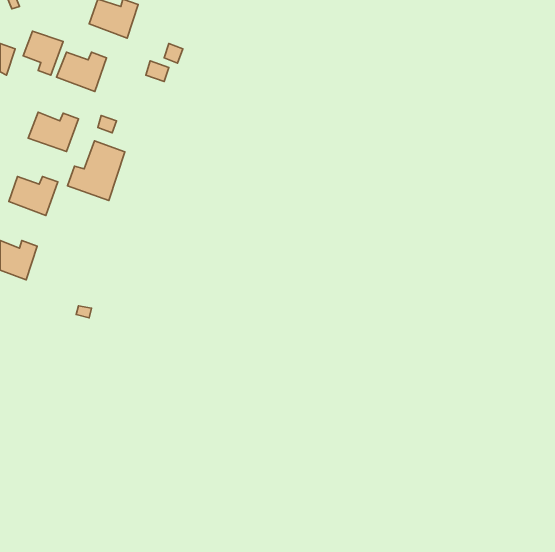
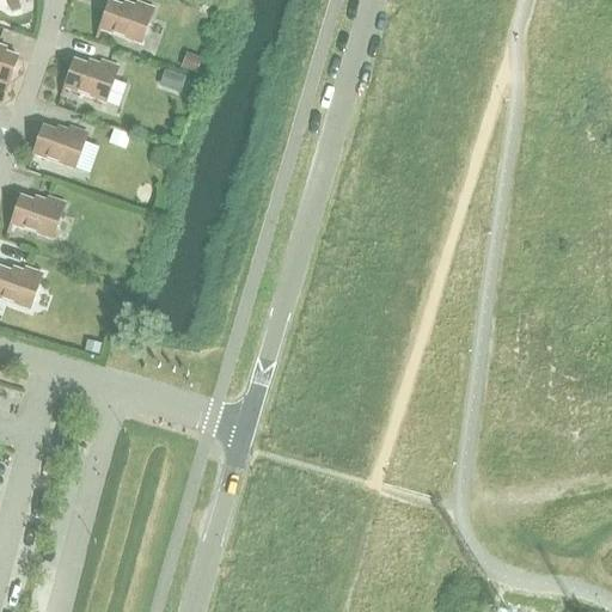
building: [23,31,63,75] -> none
building: [67,141,125,201] -> none

